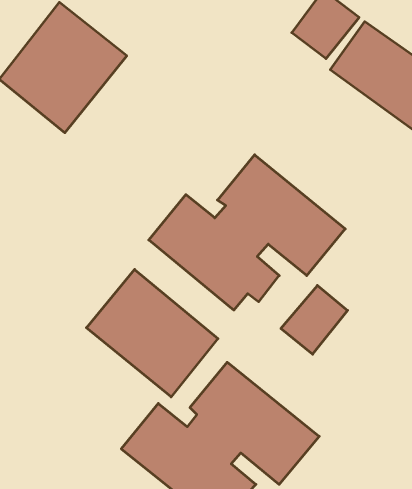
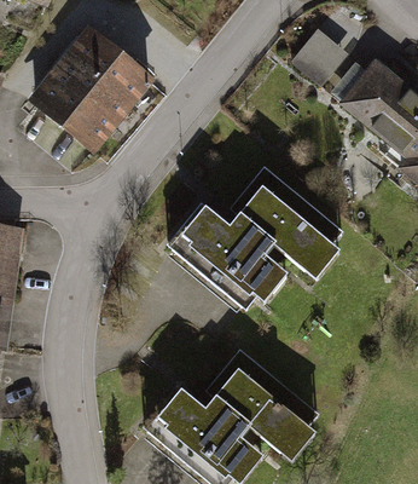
building: [86,269,218,397] -> none
building: [281,285,348,354] -> none

